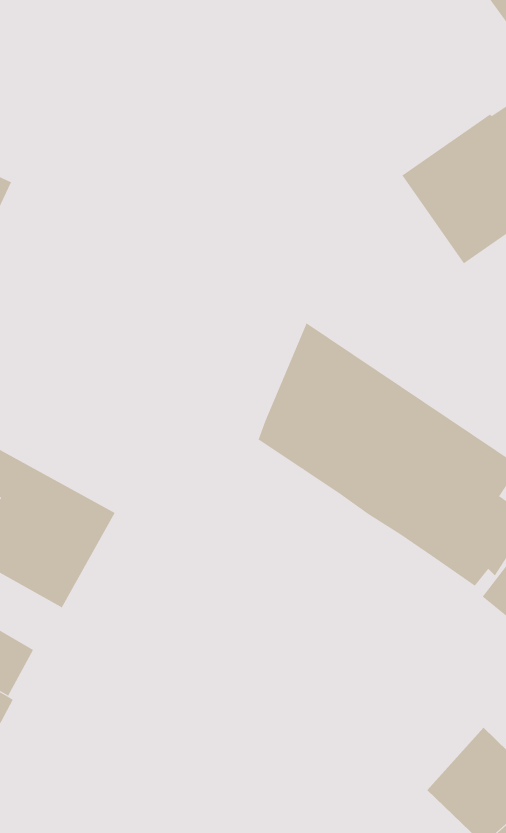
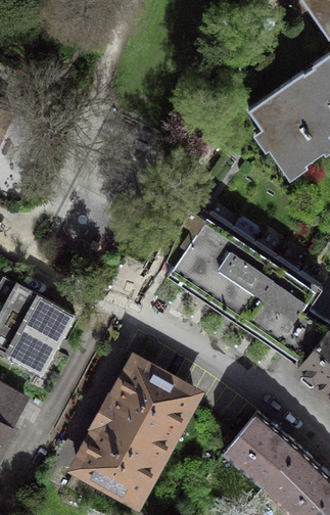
building: none -> [78,363,194,502]
building: none -> [225,414,299,487]

